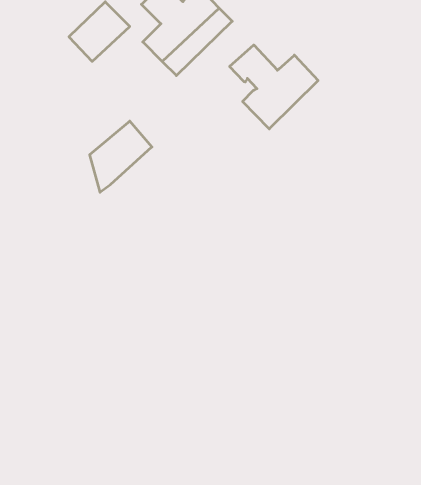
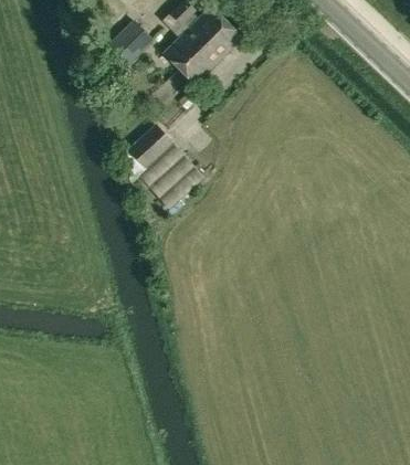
building: [230,45,318,129] -> none
building: none -> [138,144,201,205]

